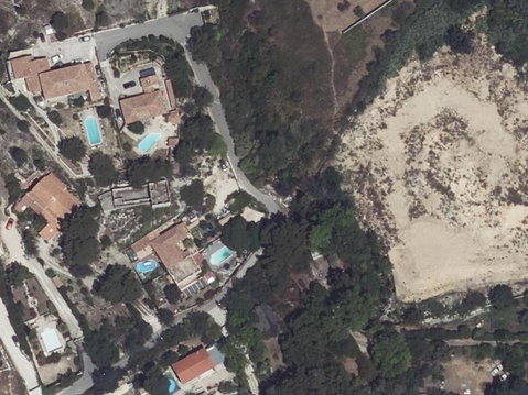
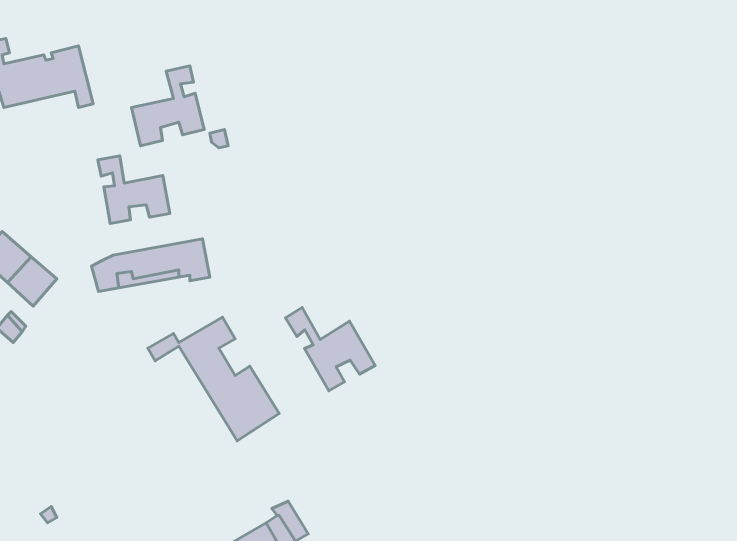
building: none -> [98,156,170,223]
building: none -> [286,308,375,391]

